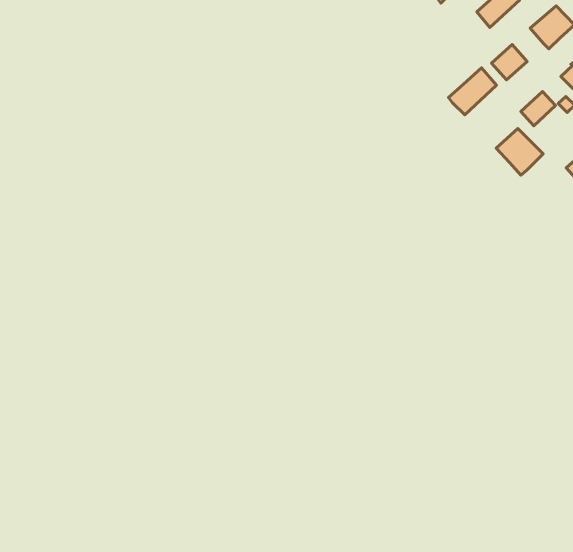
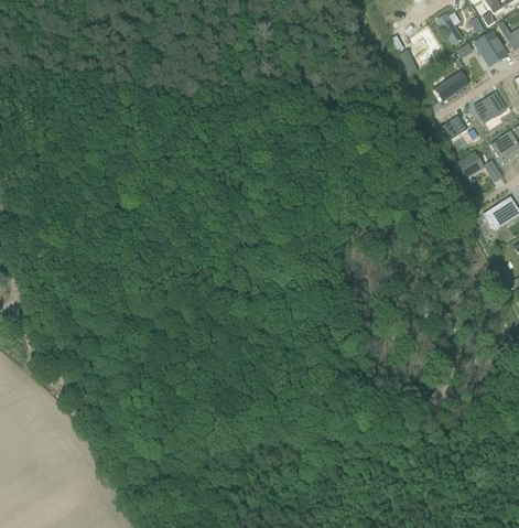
building: [448,68,496,115] -> none
building: [496,128,543,175] -> none

